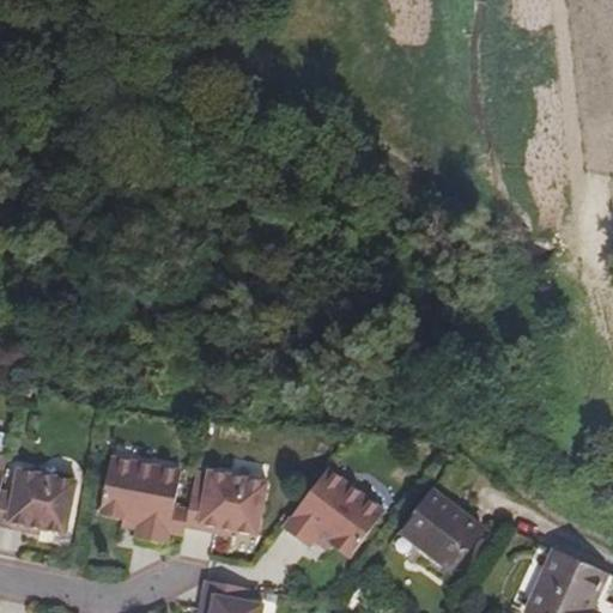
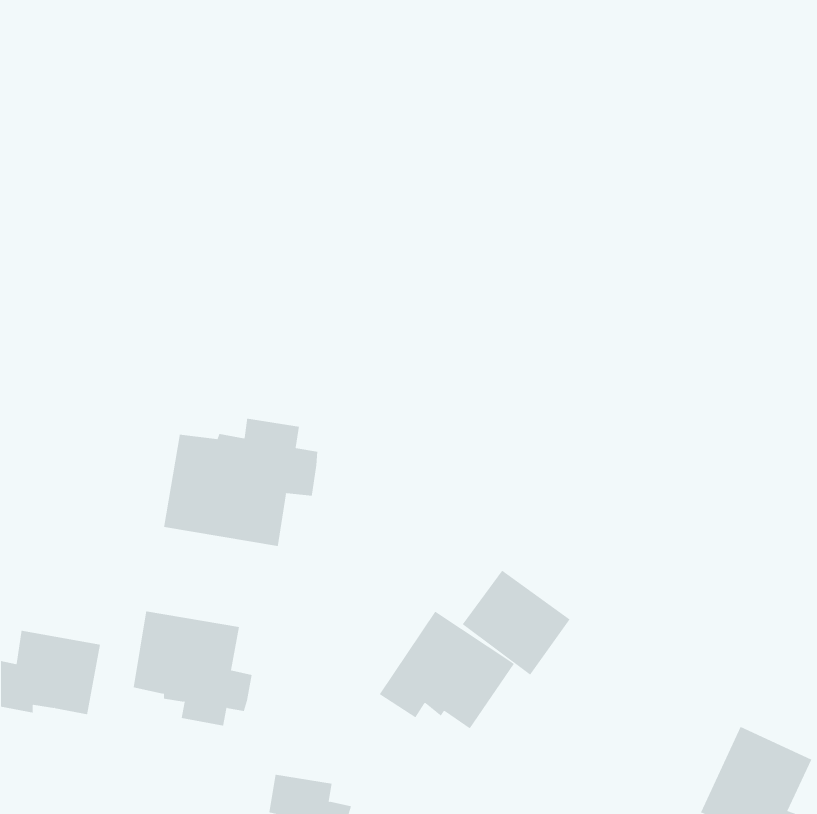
building: none -> [164,418,318,547]
building: [186,467,267,534] -> none
building: [399,490,480,569] -> [462,570,571,675]

